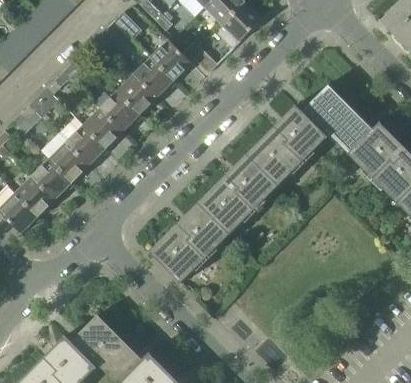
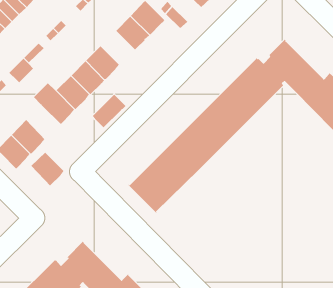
building: [117,75,156,115] -> none
building: none -> [92,94,127,129]
building: [32,160,71,200] -> [30,152,65,187]

